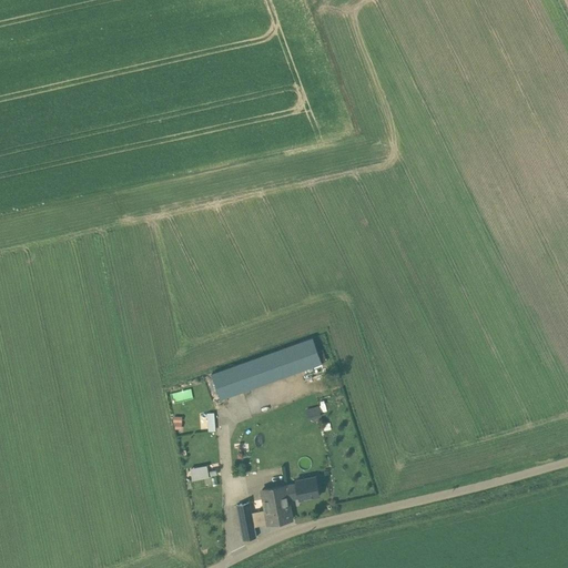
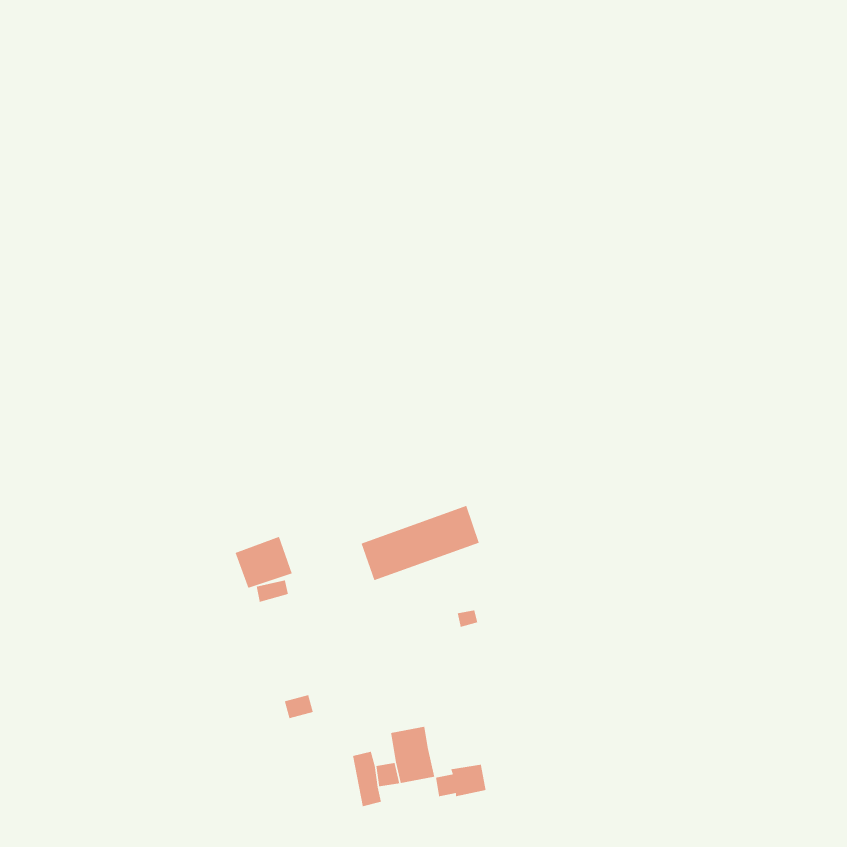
building: [211,364,250,399] -> [235,536,293,589]
building: [284,478,318,500] -> [435,764,487,797]

